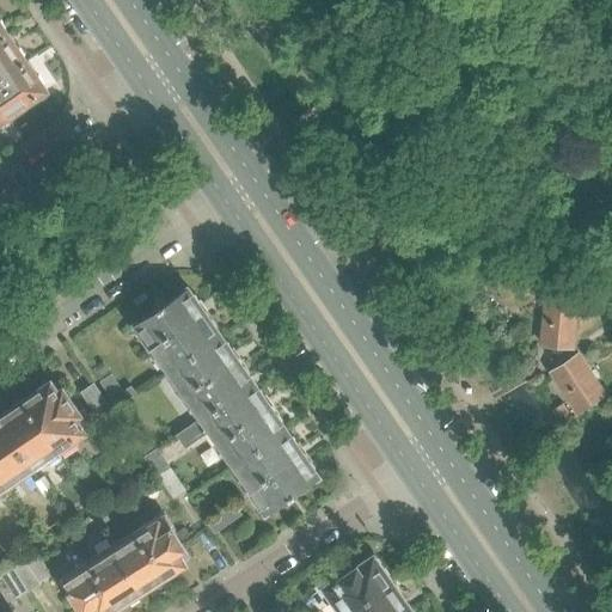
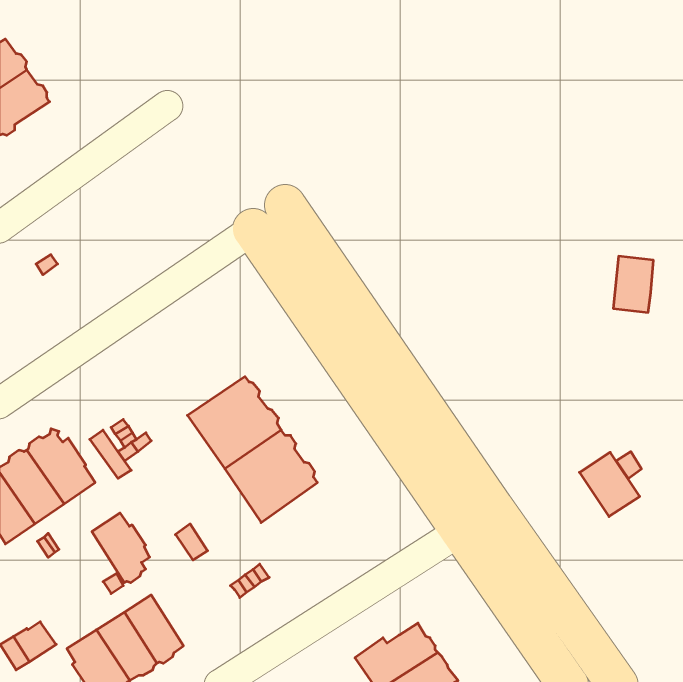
building: [134,290,219,373] -> none
building: [540,300,576,350] -> [613,256,653,312]
building: [550,357,604,415] -> [579,452,640,517]
building: [233,433,317,515] -> none
building: [135,516,186,579] -> [92,513,150,583]

